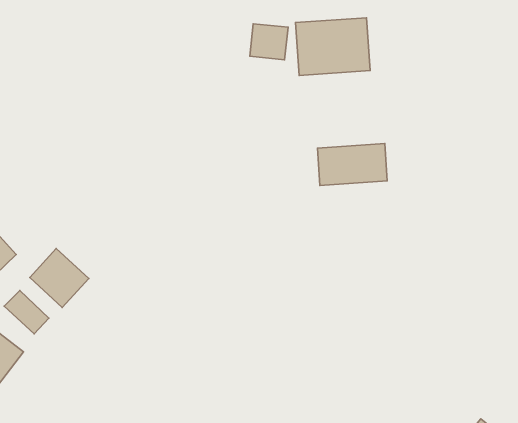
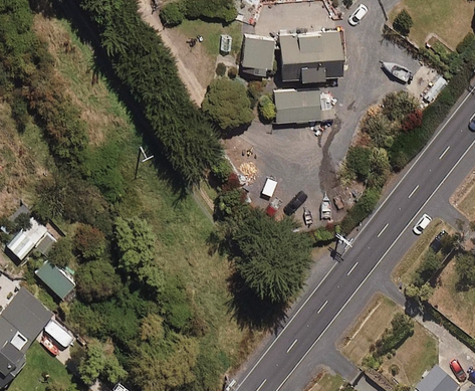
building: [318,144,387,186] -> [273,87,331,123]
building: [30,248,89,308] -> none

